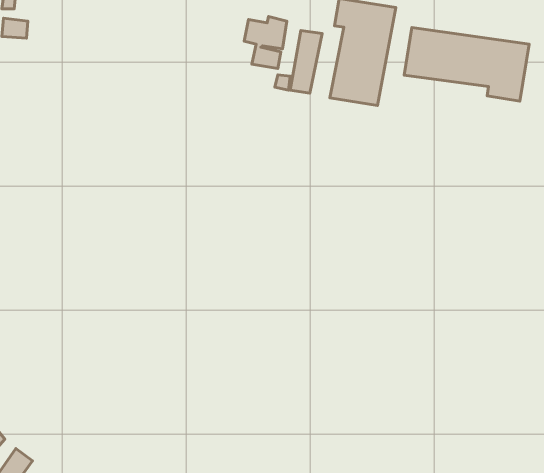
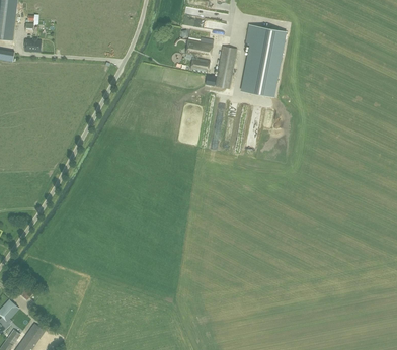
building: [404,28,529,101] -> none

